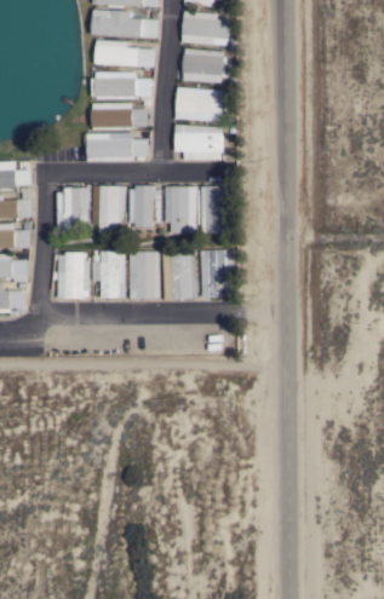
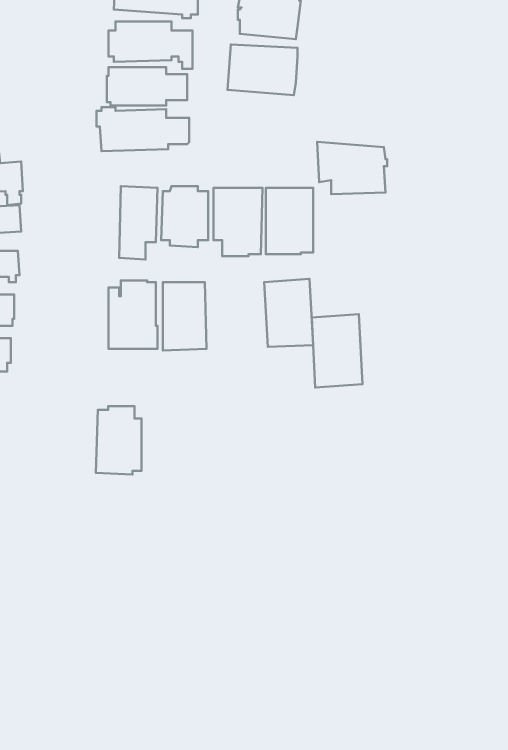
building: [174,123,223,160] -> [317,142,387,194]
building: [57,188,90,230] -> none
building: [162,249,197,300] -> [312,314,362,387]
building: [57,252,88,299] -> [96,406,141,474]

